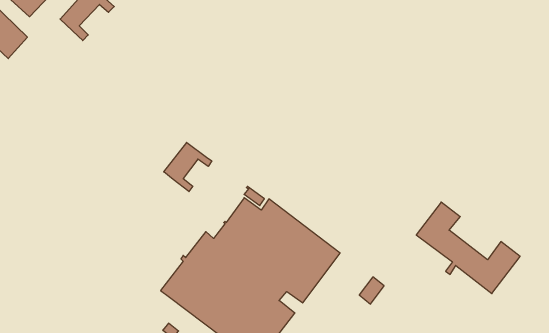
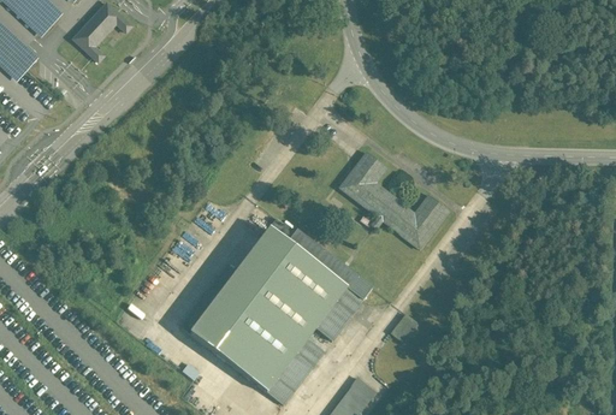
building: [164,142,212,192] -> none
building: [416,202,520,294] -> [339,152,450,249]

